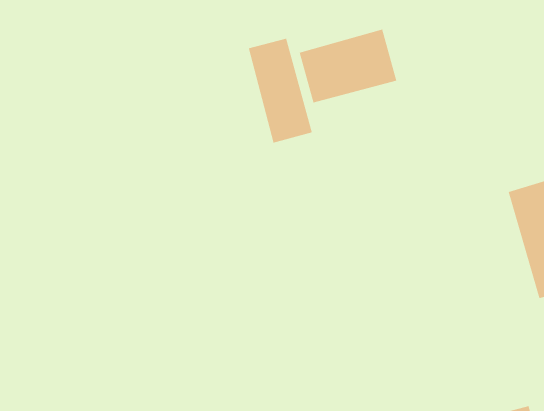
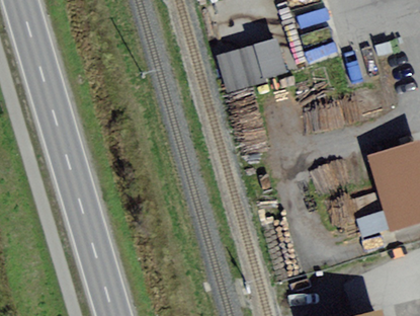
building: [248,38,312,143] -> none

